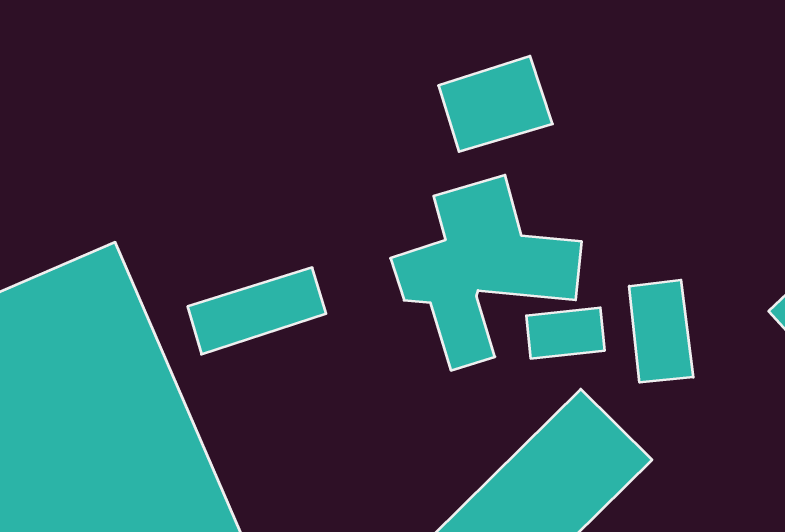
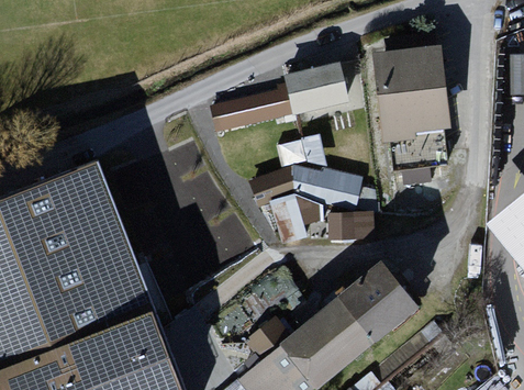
building: none -> [375,47,453,138]
building: [188,268,326,354] -> [216,87,298,134]
building: [629,280,693,382] -> none

